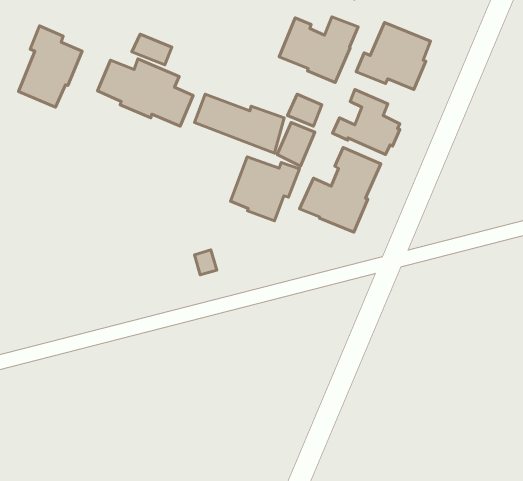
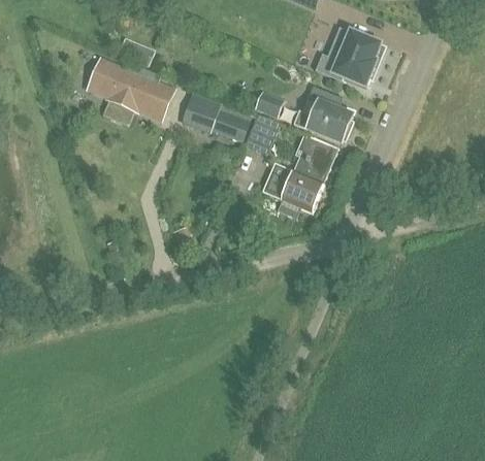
building: [279,17,358,83] -> none
building: [18,26,82,107] -> none
building: [231,157,300,221] -> none

